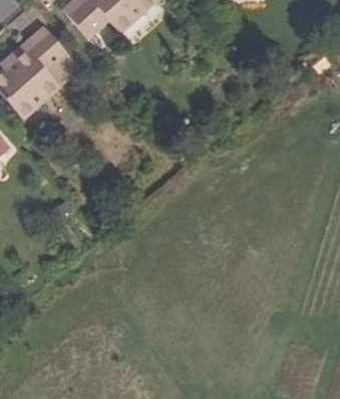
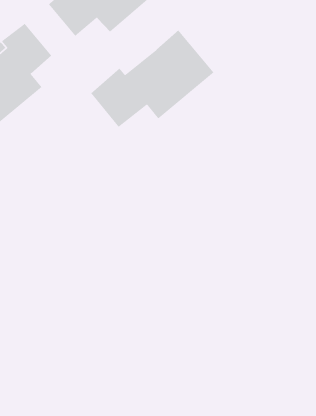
building: none -> [90,30,215,128]

